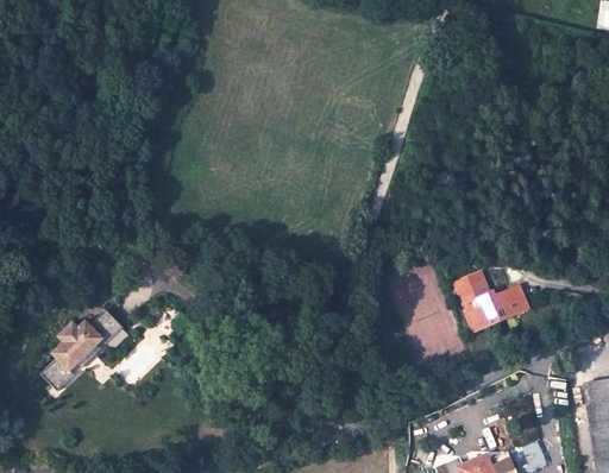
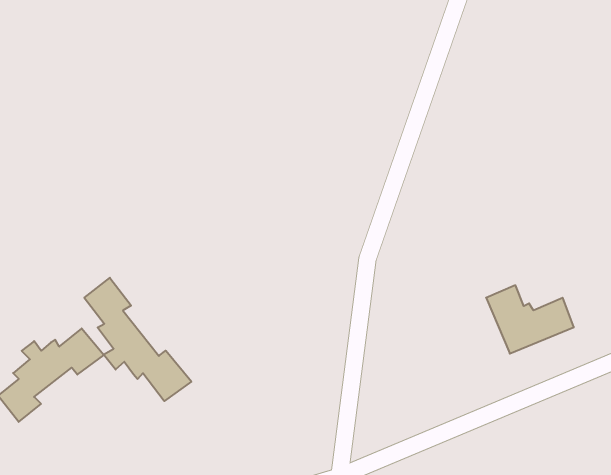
building: none -> [84,278,191,401]

